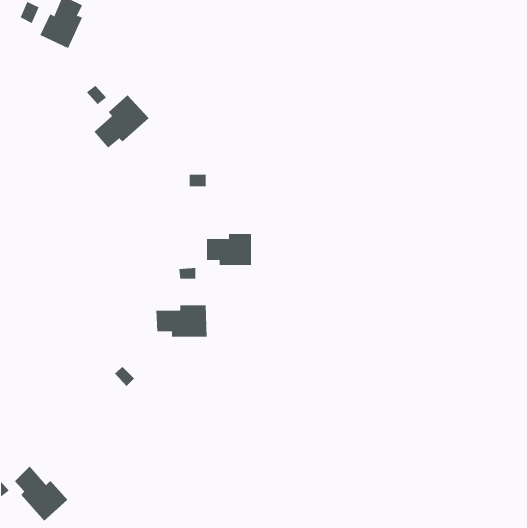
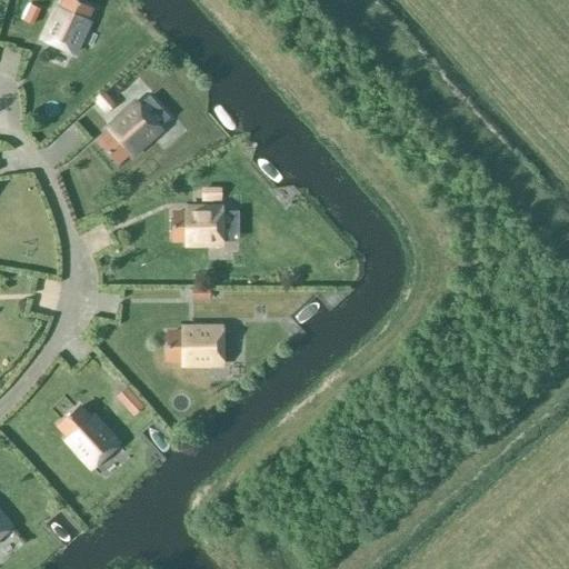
building: [206,233,252,266] -> [176,207,224,241]
building: [14,466,68,522] -> [63,406,121,466]

